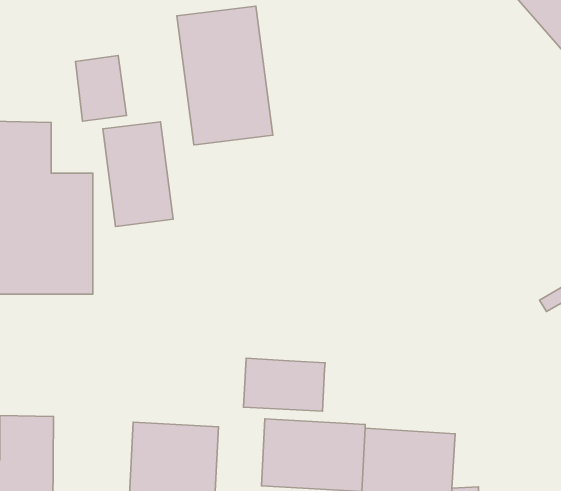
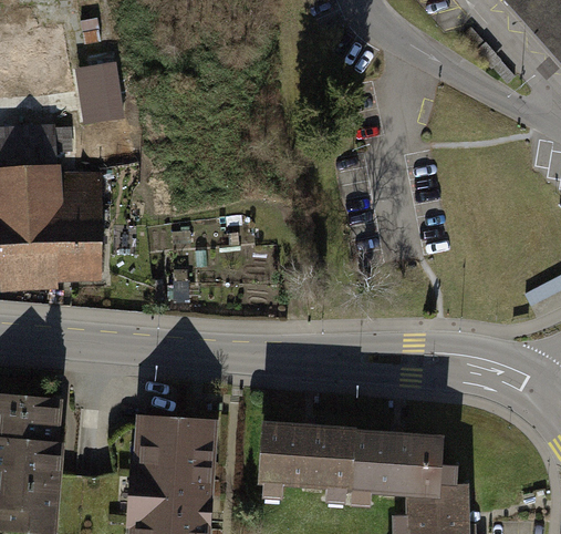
building: [177,6,273,145] -> none
building: [103,122,173,226] -> none
building: [243,358,325,411] -> none

